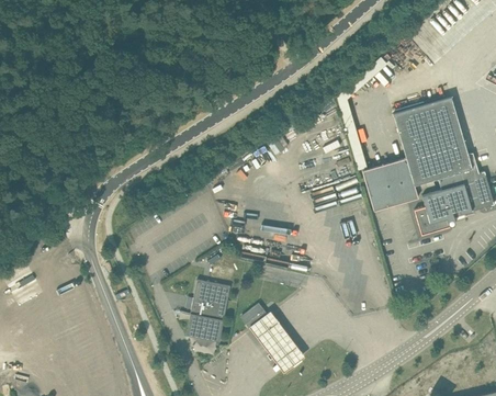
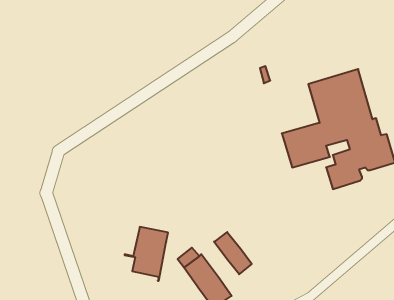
building: none -> [214,232,252,274]

